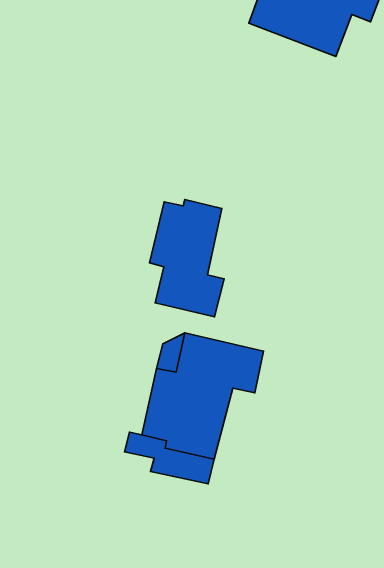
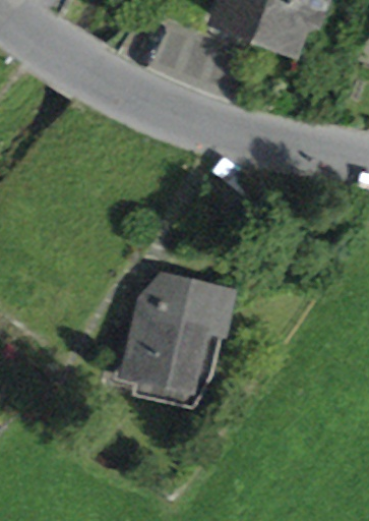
building: [149,199,224,317] -> none

